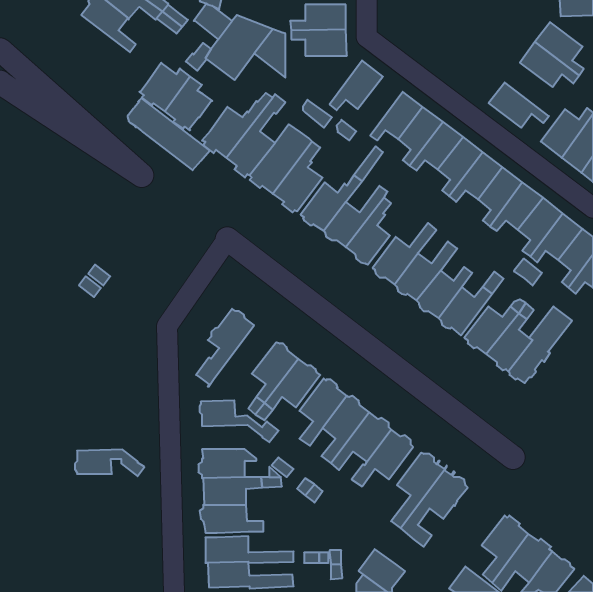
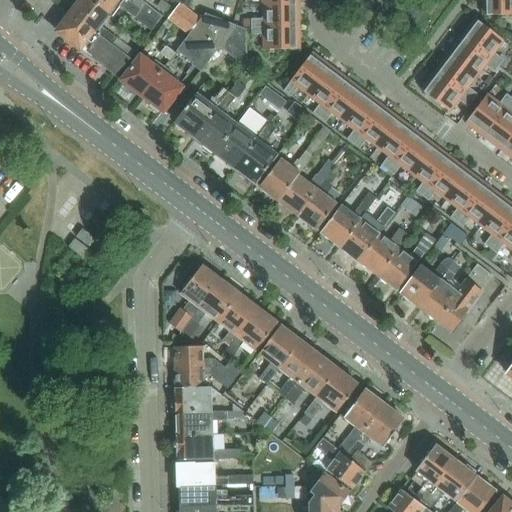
building: none -> [435,54,477,100]
building: none -> [308,66,347,117]
building: [128,98,210,170] -> [58,13,129,75]
building: none -> [184,280,238,331]
building: [75,450,144,476] -> [172,366,232,389]
building: none -> [317,438,365,489]

